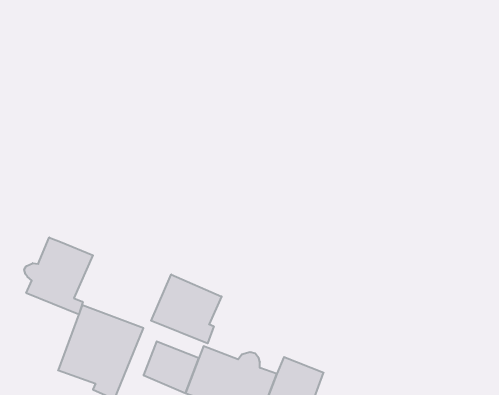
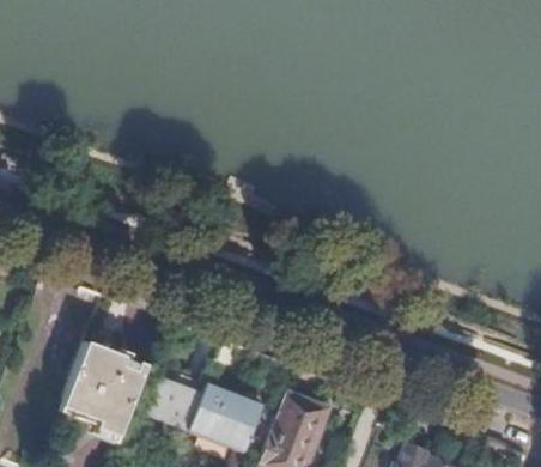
building: [24,237,93,314] -> none
building: [151,274,222,343] -> none

